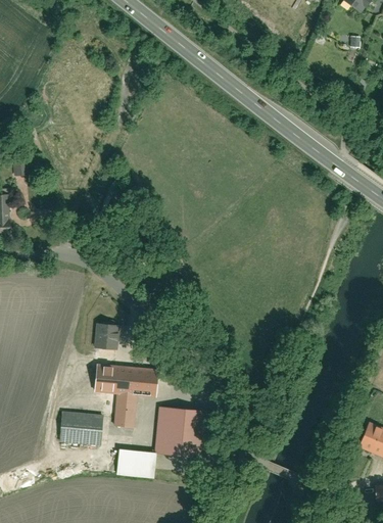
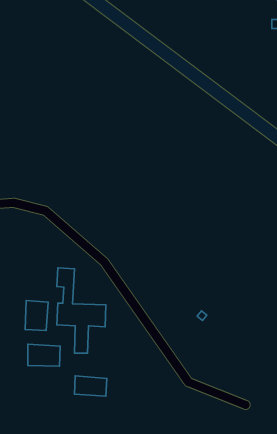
building: none -> [25,300,48,331]
building: [158,407,219,462] -> none

